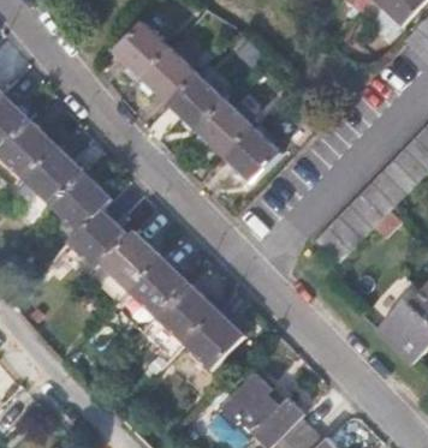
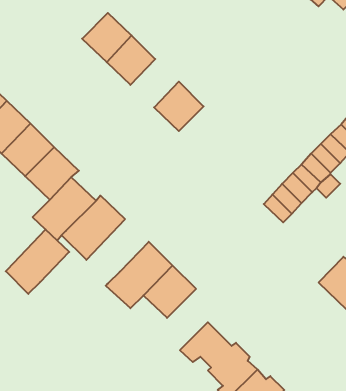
building: [168,74,222,129] -> none
building: [222,127,278,183] -> none
building: [118,253,189,325] -> [6,229,69,294]

